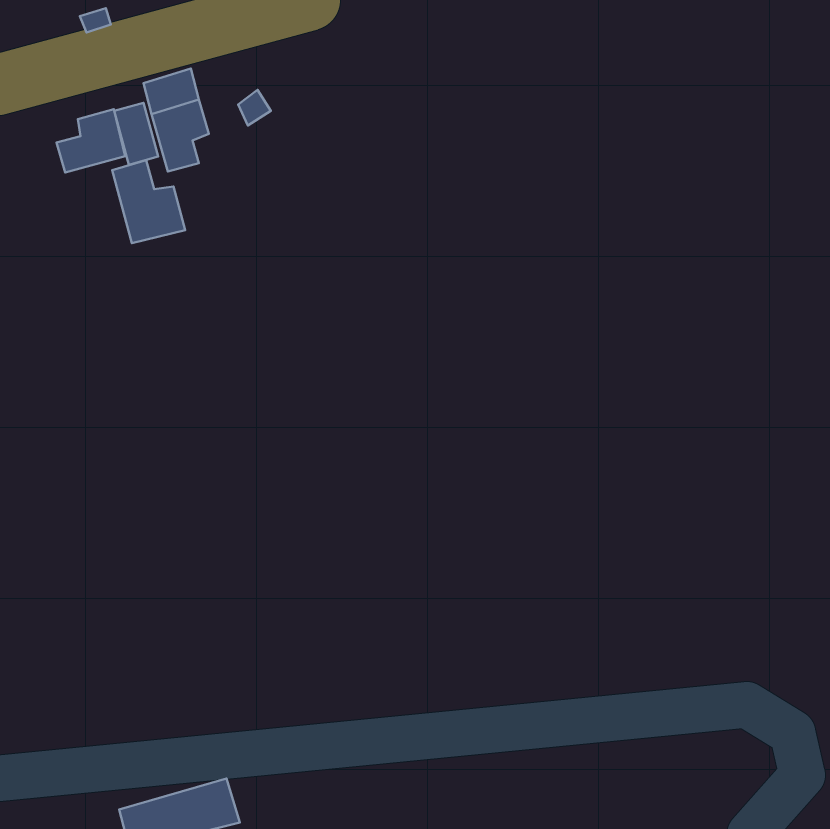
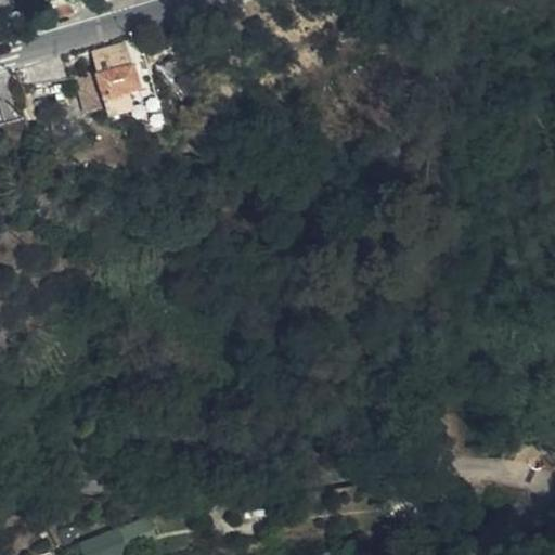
building: [56,109,125,173] -> none
building: [112,160,185,243] -> none

